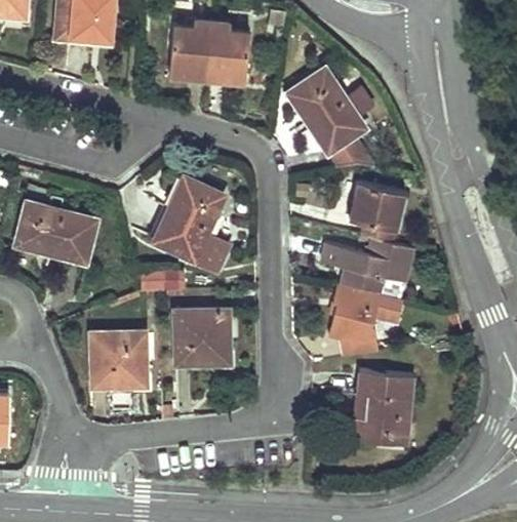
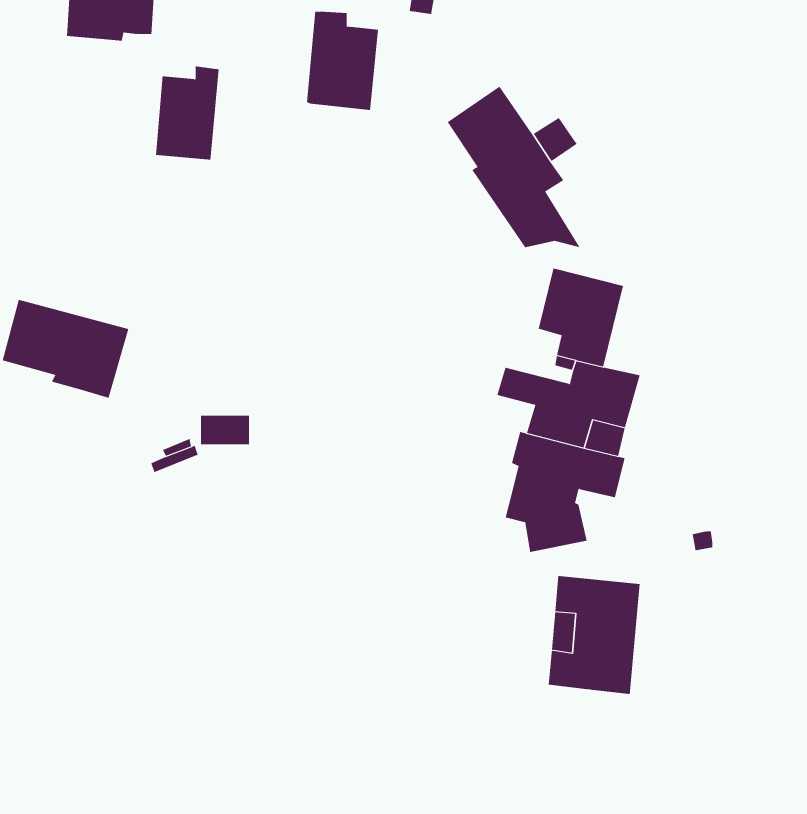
building: [170,21,210,79] -> [155,66,220,160]
building: [155,179,229,272] -> none
building: [176,310,229,364] -> none
building: [92,332,146,394] -> none

